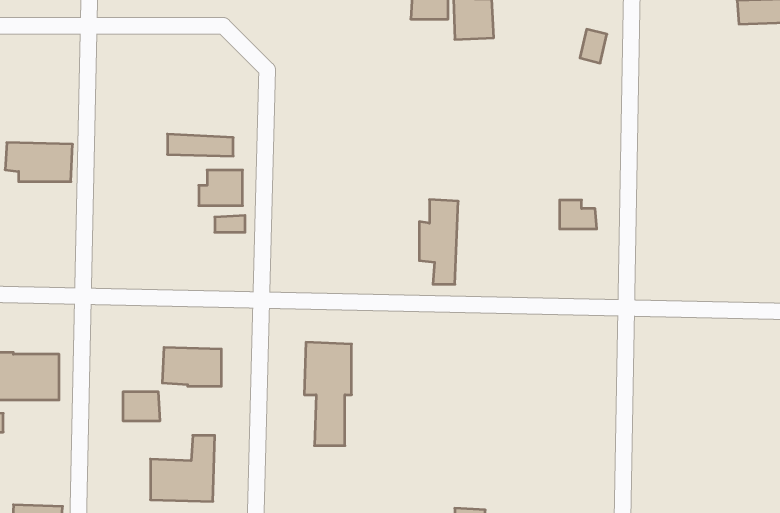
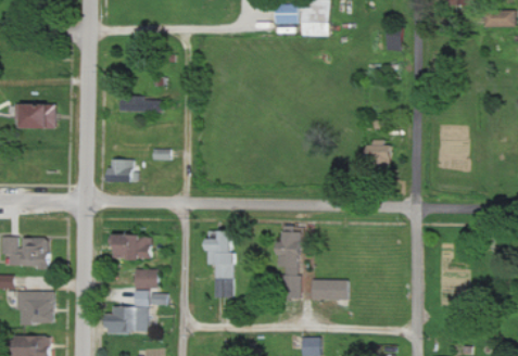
building: [199,170,243,206] -> [104,160,132,182]
building: [419,200,458,284] -> [275,228,300,282]
building: [123,392,160,421] -> [134,270,157,289]
building: none -> [311,280,349,301]
building: none -> [16,292,53,326]

